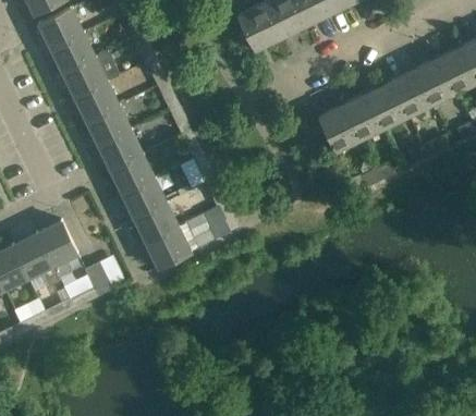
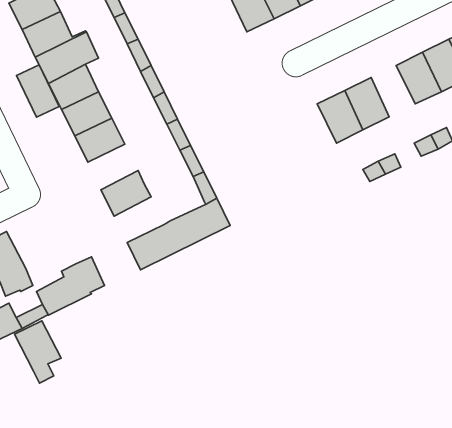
building: none -> [16,65,59,117]
building: [367,82,407,129] -> none
building: [109,154,155,195] -> none
building: [133,201,179,243] -> none
building: [35,221,77,278] -> [15,321,61,383]

